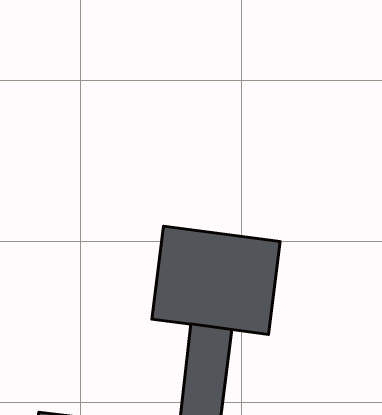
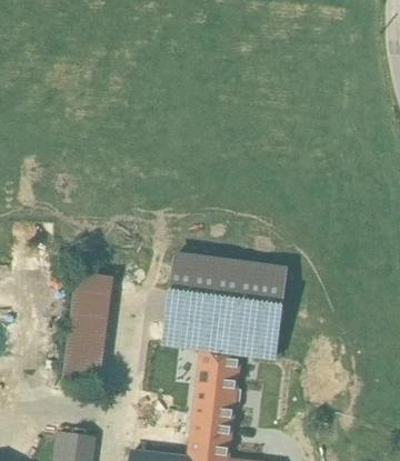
building: none -> [64,272,108,383]

